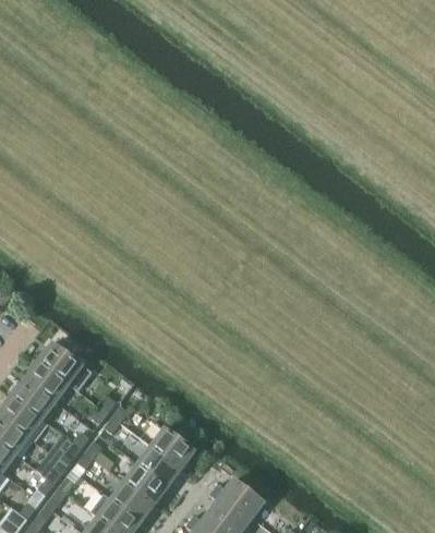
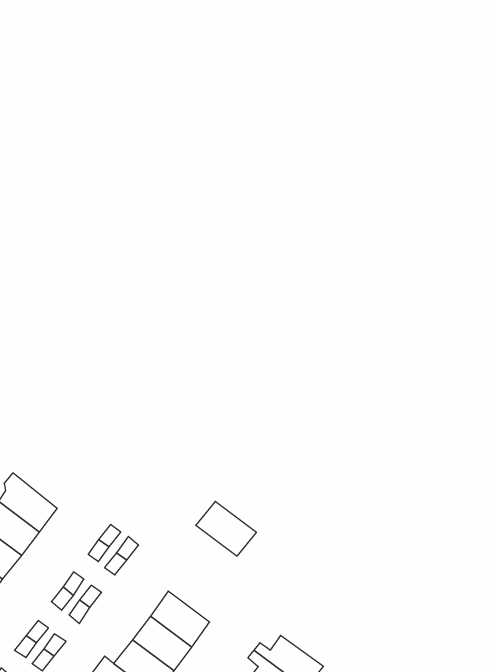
building: [36,337,92,391] -> none
building: [150,428,195,469] -> [196,501,256,556]

